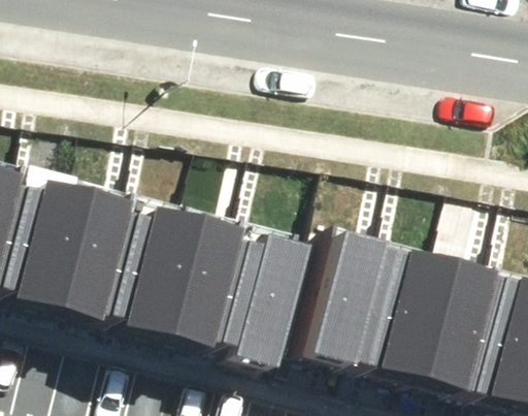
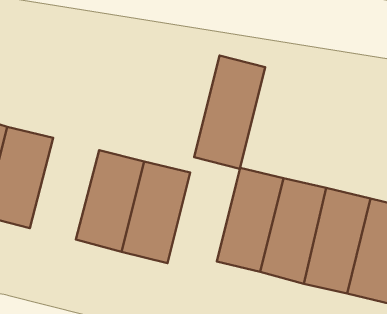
building: none -> [194,56,265,169]
building: [40,186,129,316] -> none
building: [217,230,304,360] -> none

